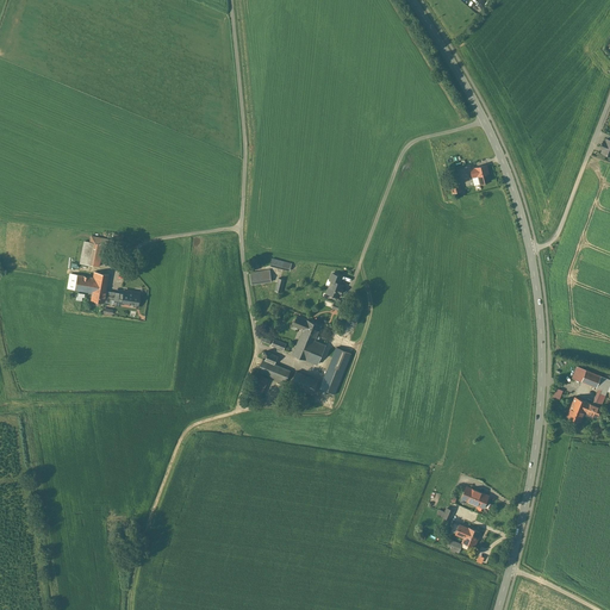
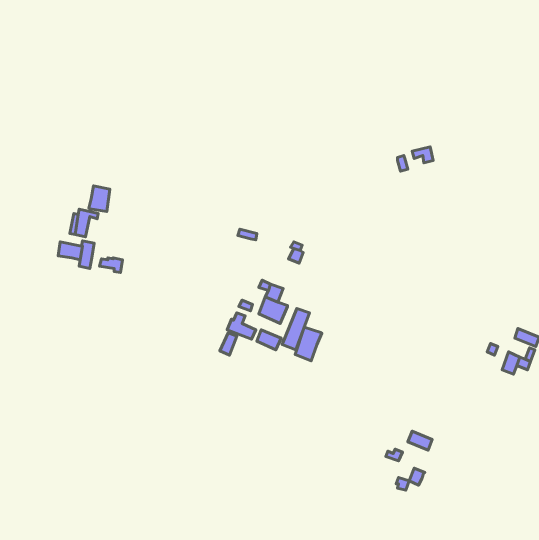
building: none -> [89,186,110,211]
building: none -> [295,327,322,361]

